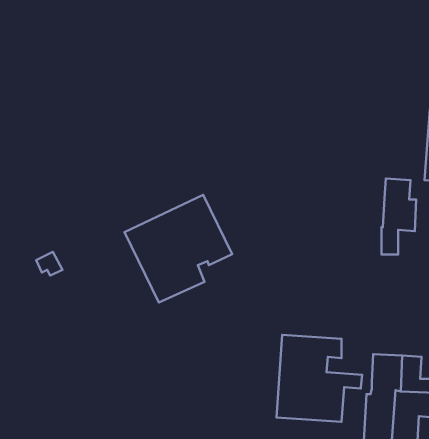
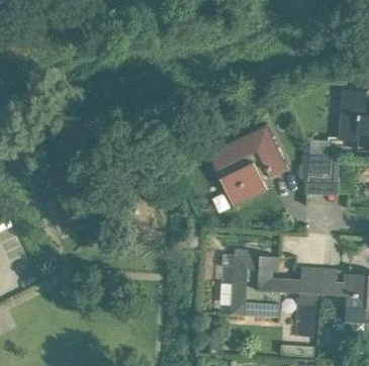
building: [124,195,232,303] -> [208,126,287,205]

